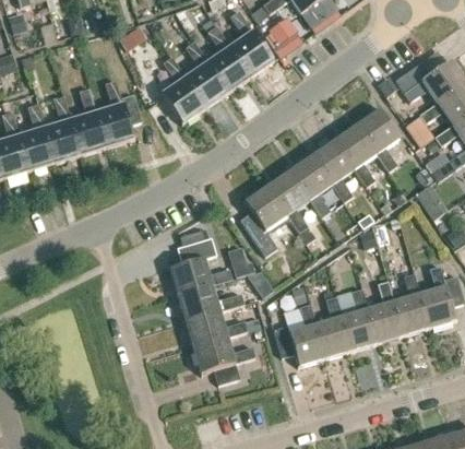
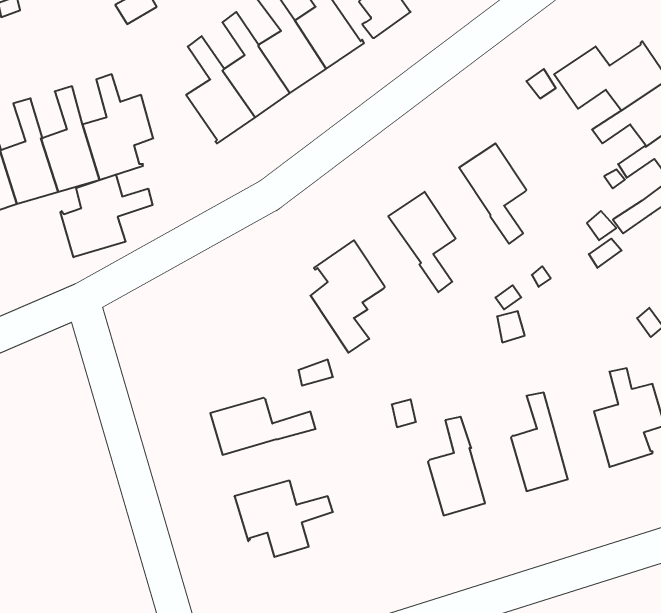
building: [358,106,401,170] -> none
building: [313,138,360,211] -> none
building: none -> [60,174,153,257]
building: [269,168,315,243] -> none
building: [170,236,232,293] -> none
building: [394,272,430,334] -> none
building: [342,287,378,350] -> none
building: [274,303,325,365] -> none
building: [186,309,261,345] -> none

